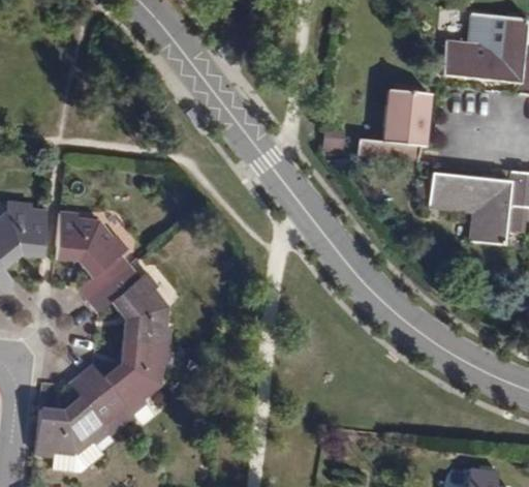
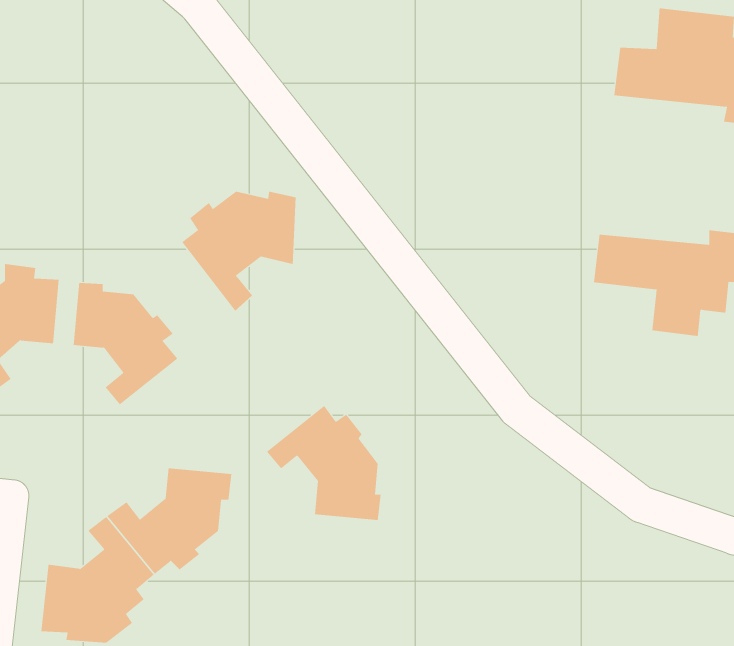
building: [353,89,429,160] -> none
building: none -> [182,191,296,311]
building: [91,262,173,343] -> [266,405,382,520]

